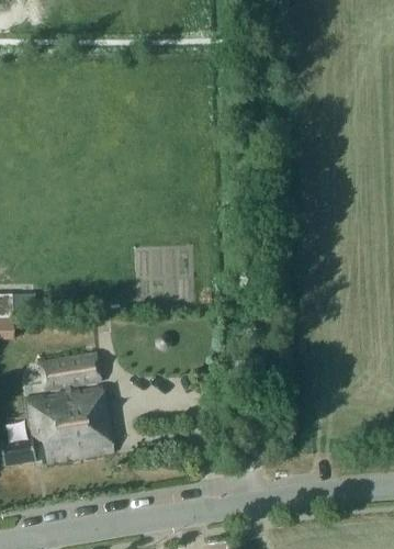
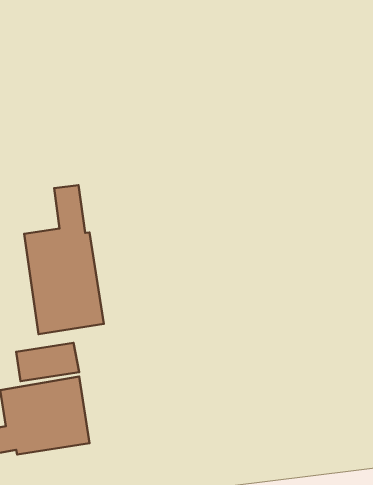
building: none -> [24,185,104,334]

